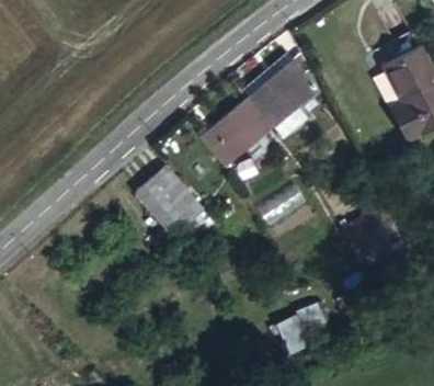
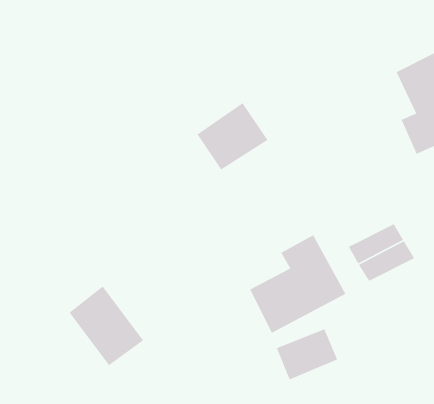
building: [253,63,323,137] -> none
building: [130,158,198,230] -> [69,286,144,366]
building: none -> [249,234,347,334]

